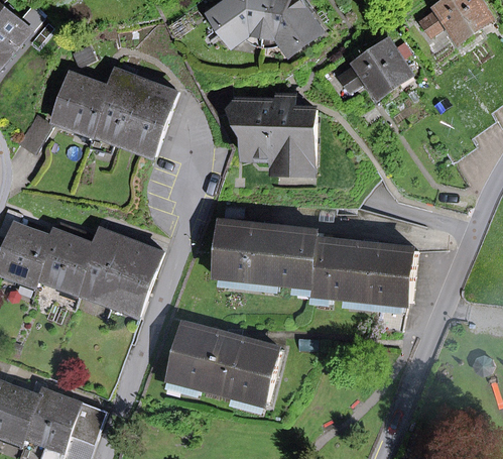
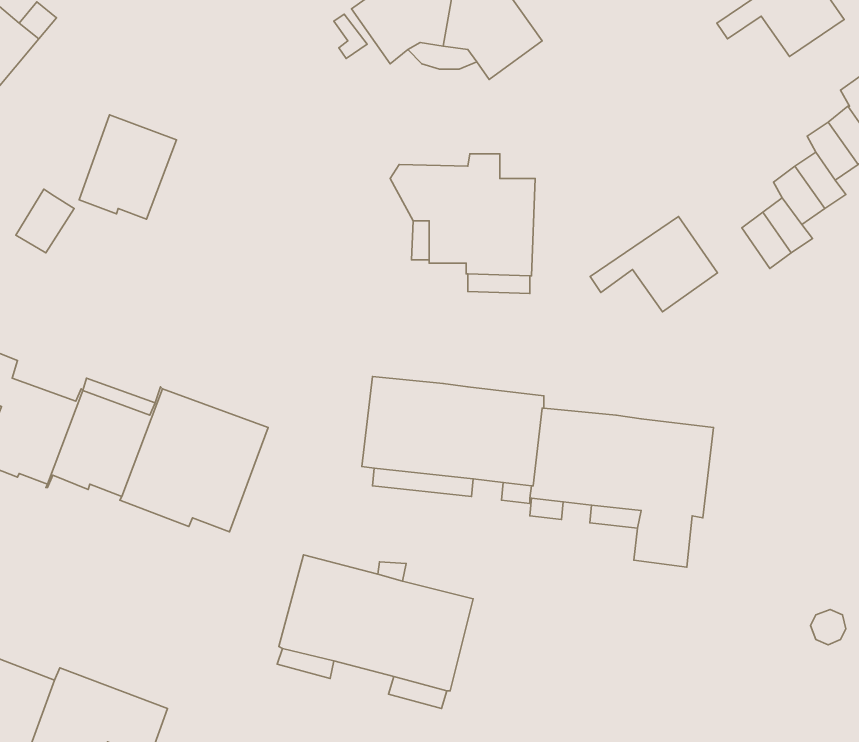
building: [336,40,408,95] -> [590,216,717,312]
building: [86,69,173,149] -> none

